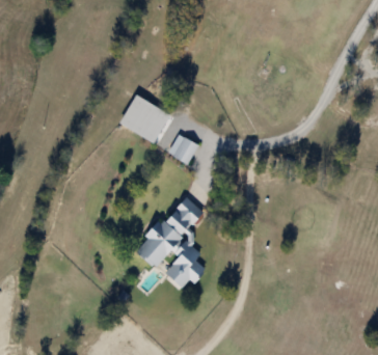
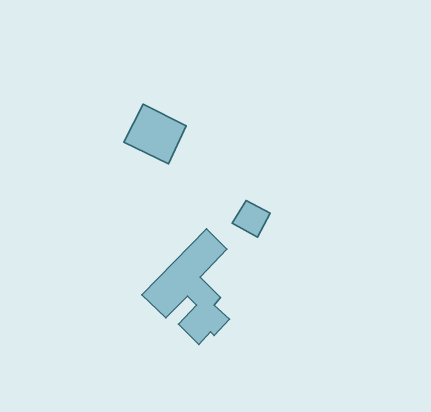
building: [168,134,199,164] -> [232,200,270,237]

